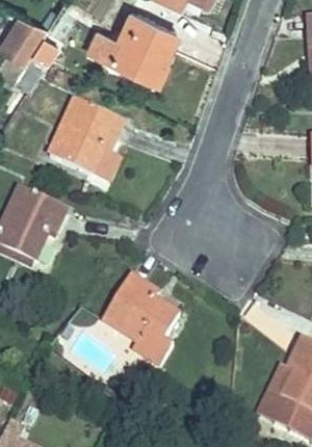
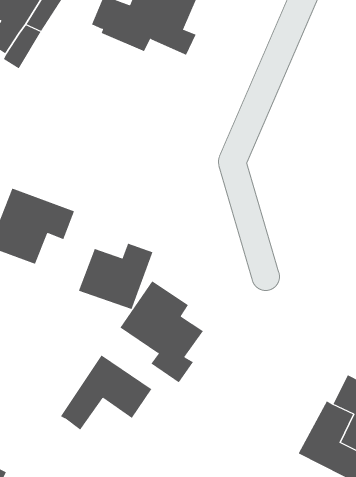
building: [44,106,119,175] -> none
building: none -> [78,243,153,310]
building: none -> [60,354,152,430]

